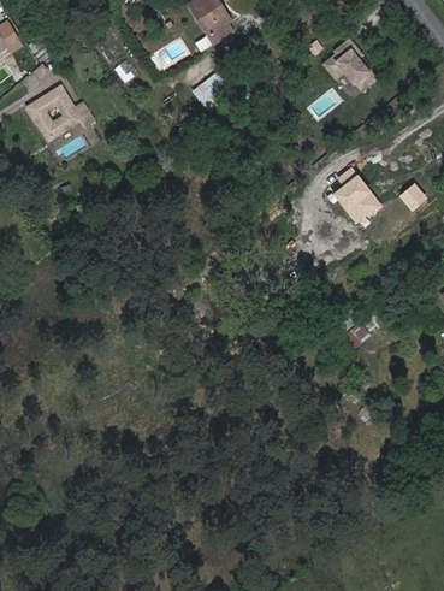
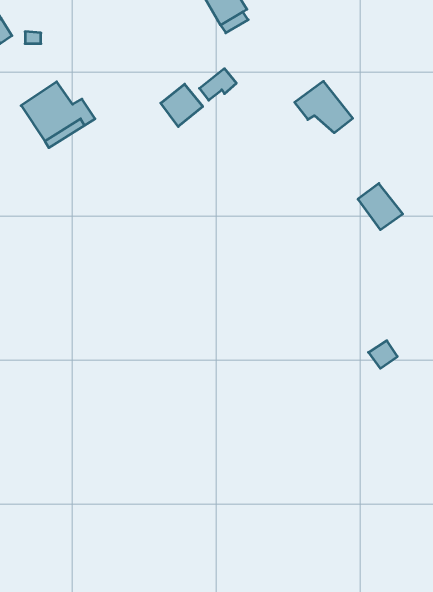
building: [321,45,374,91] -> [295,81,353,133]
building: none -> [161,84,203,127]

